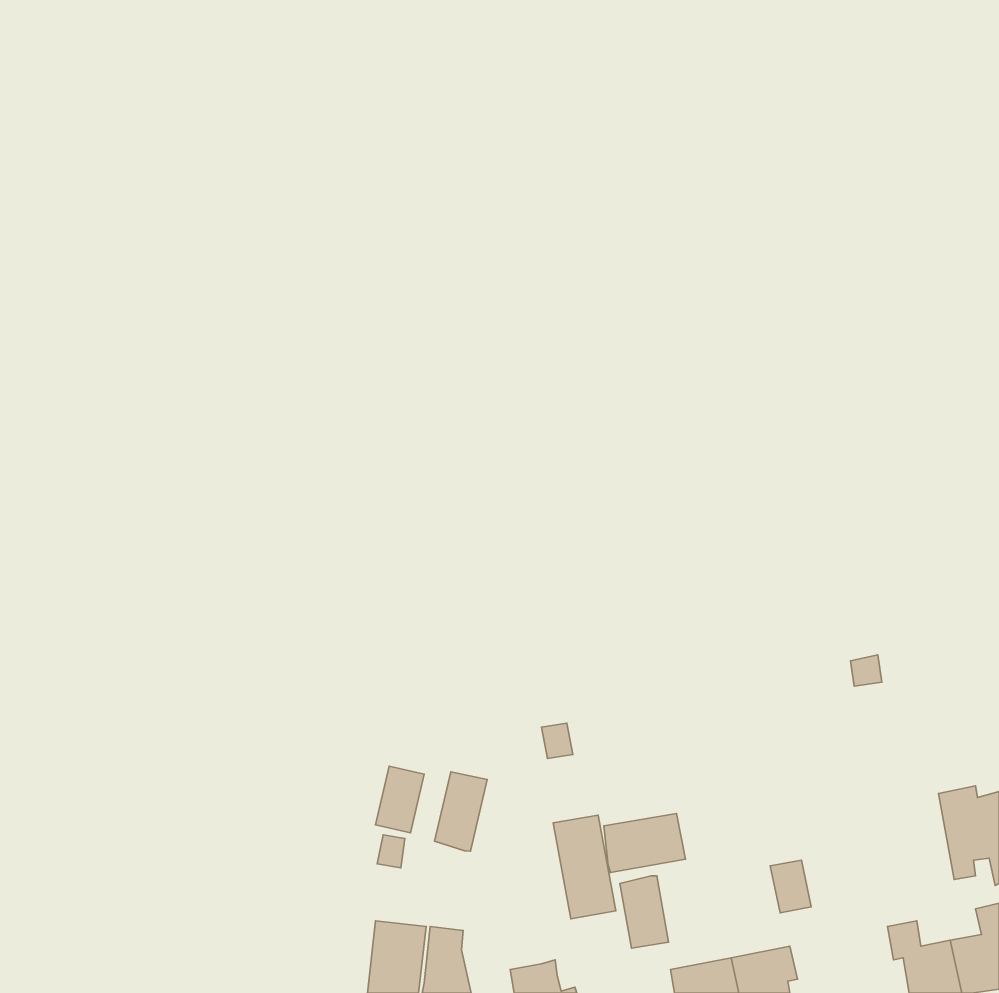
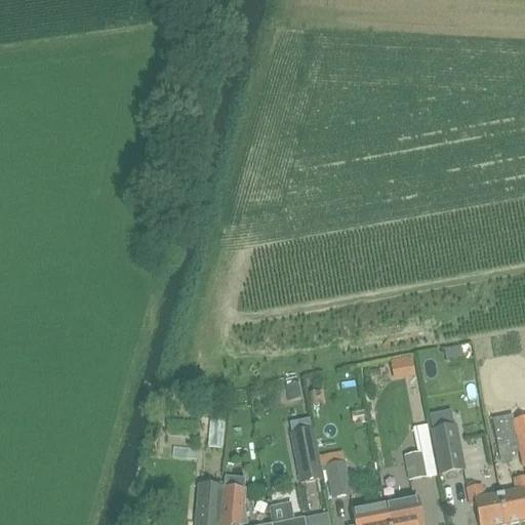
building: [434,772,487,851] -> none
building: none -> [430,422,466,474]
building: [604,813,685,873] -> none

